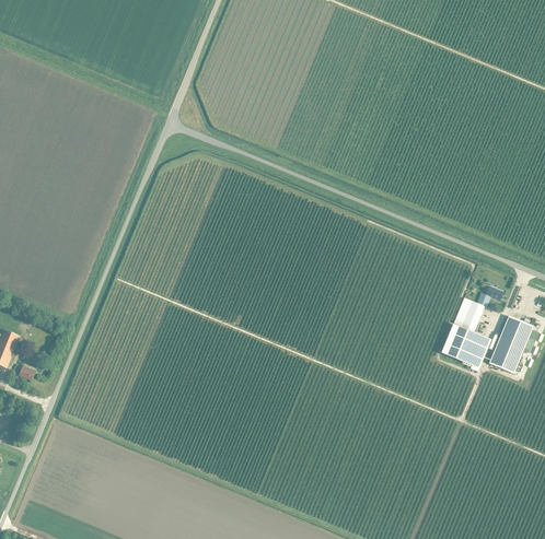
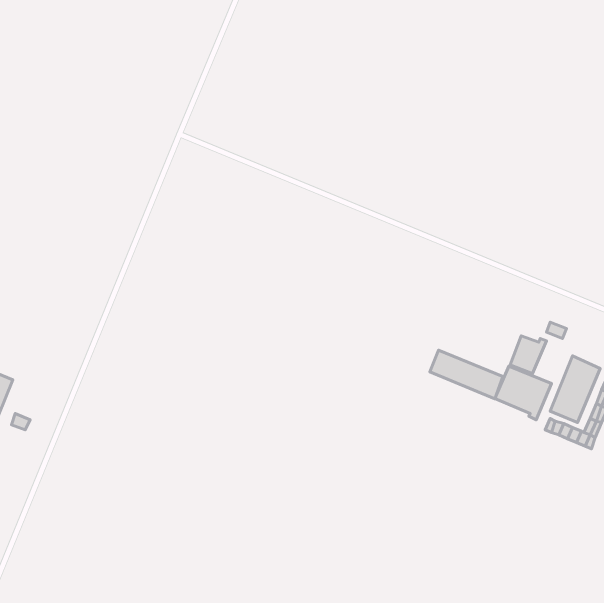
building: none -> [430,350,503,399]

